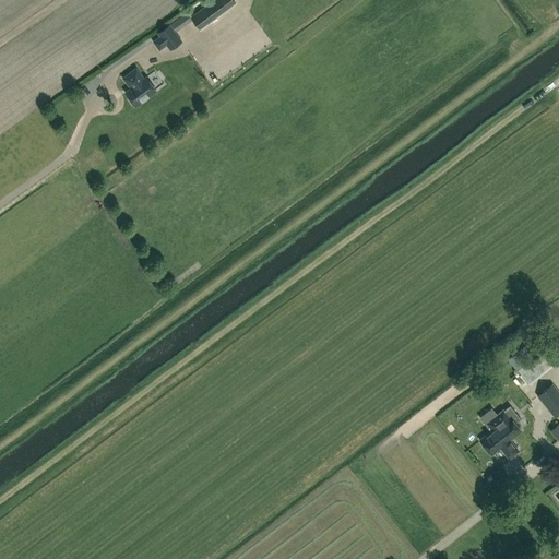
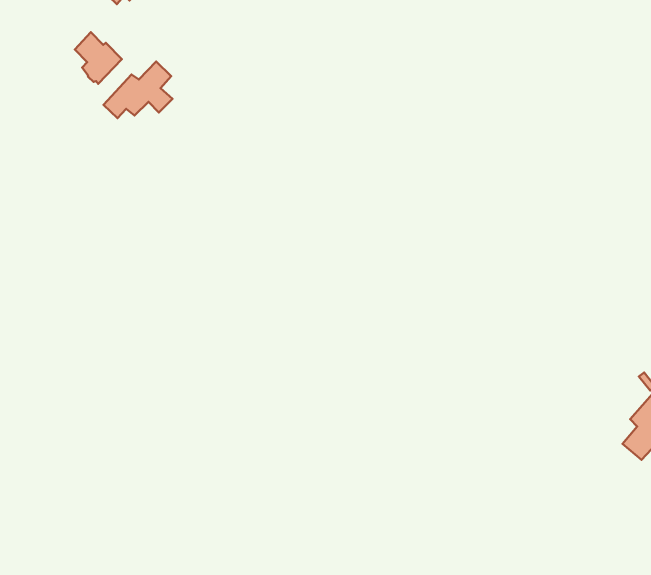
building: none -> [103,61,172,118]

